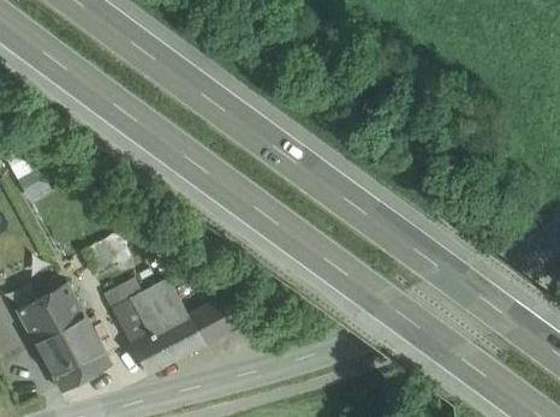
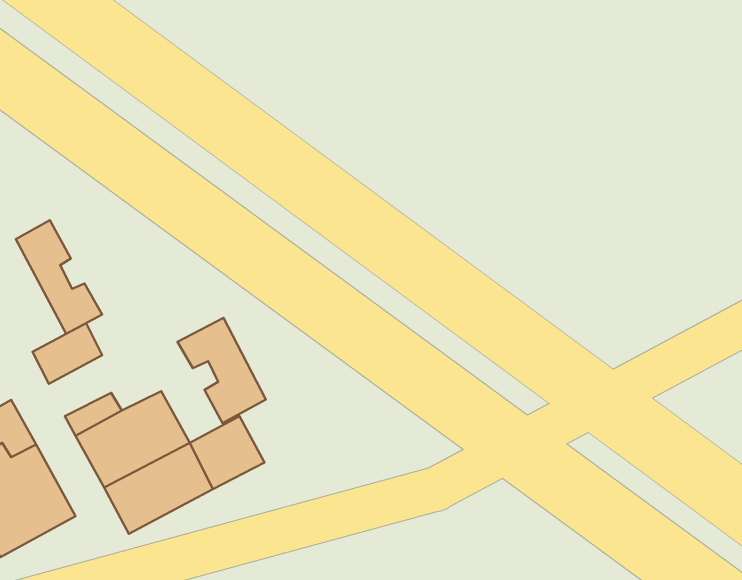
building: none -> [16,220,102,334]
building: none -> [177,318,266,423]

